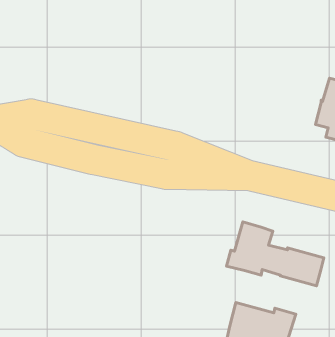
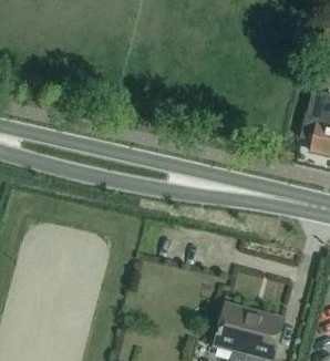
building: [226,222,324,286] -> none

